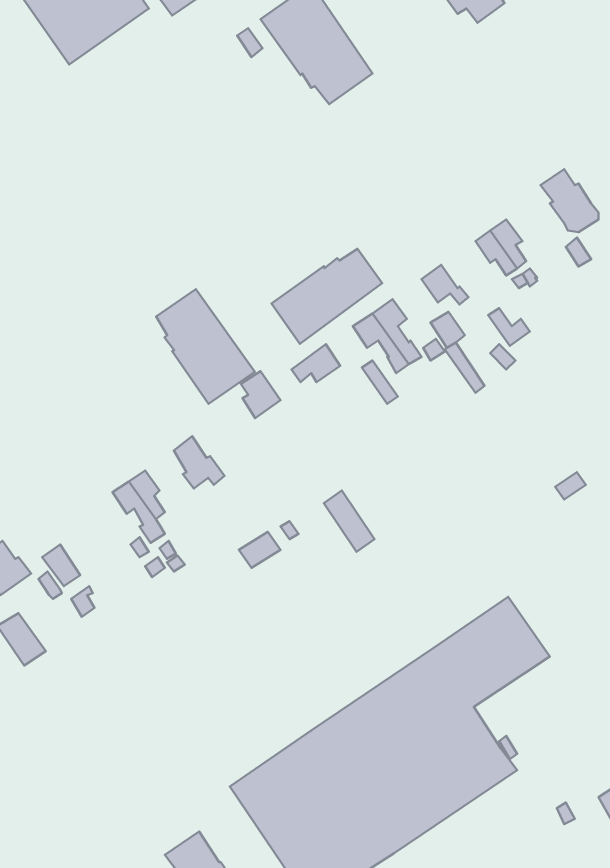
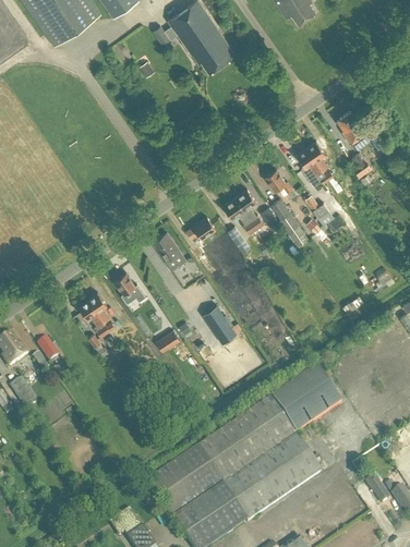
building: [271,249,382,344] -> none
building: [156,289,255,404] -> none

